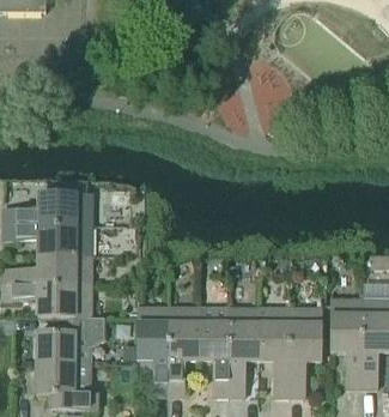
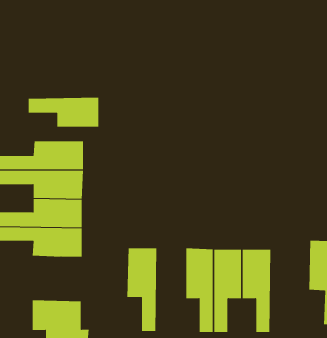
building: none -> [28,97,99,128]
building: [168,307,199,395] -> none
building: [288,308,321,397] -> none
building: [36,316,102,363] -> none

